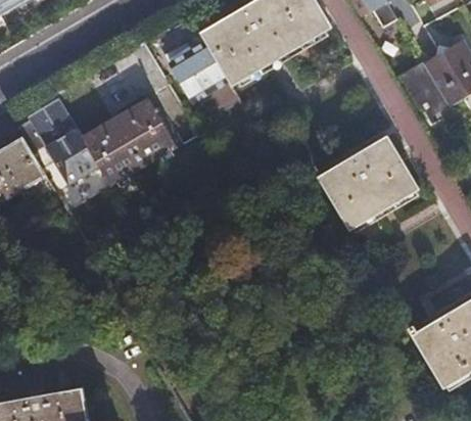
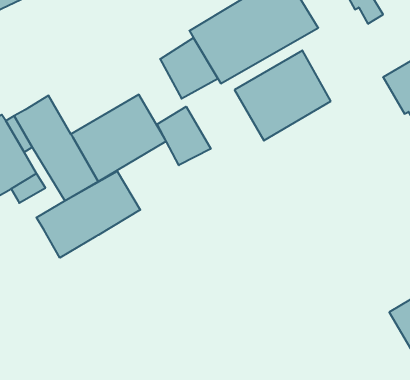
building: none -> [157,107,211,165]
building: [317,133,414,224] -> [235,50,331,141]
building: none -> [36,171,140,258]

